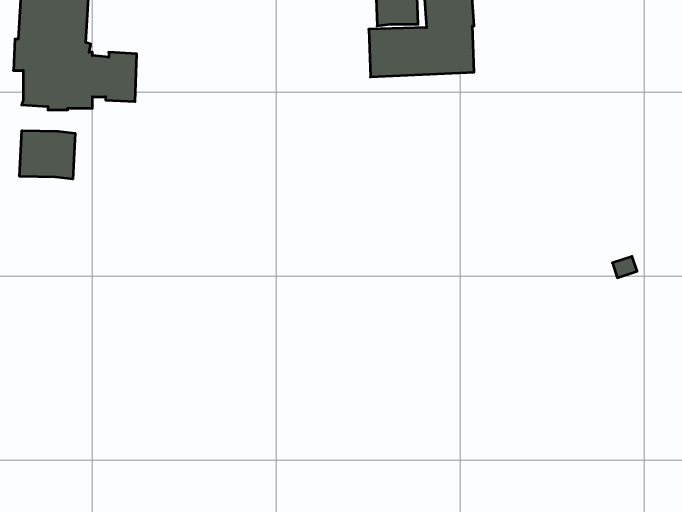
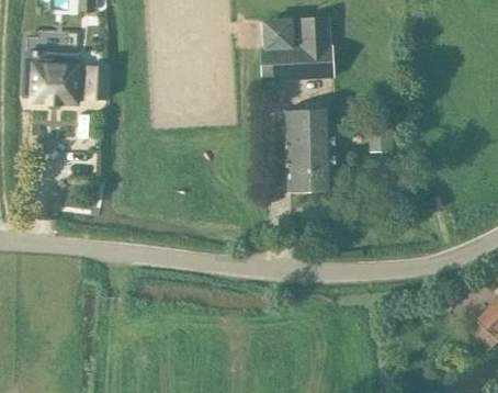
building: none -> [284,110,333,190]
building: [20,131,75,179] -> none

